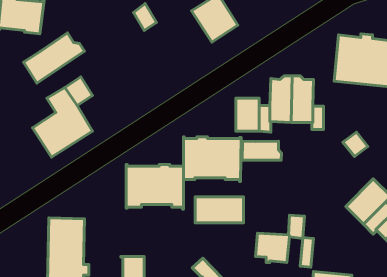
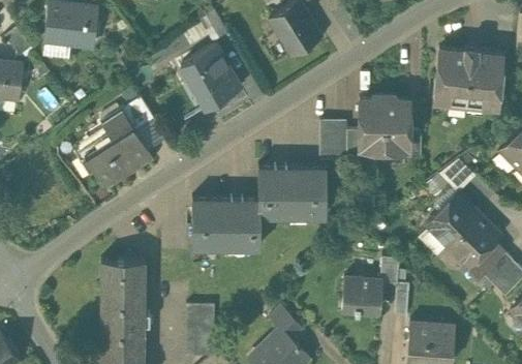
building: [24,33,84,83] -> none
building: none -> [181,47,240,110]
building: [242,141,281,160] -> none
building: none -> [426,194,479,247]
building: [195,197,243,223] -> none

